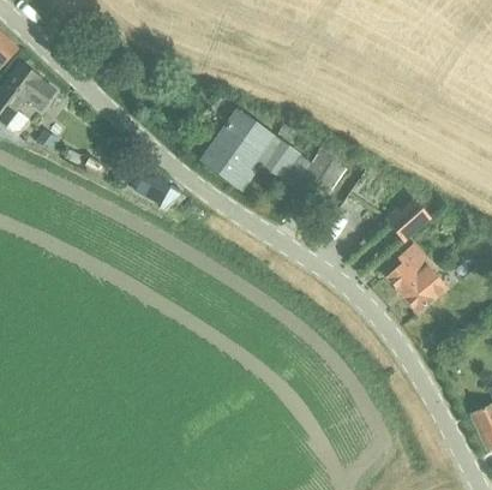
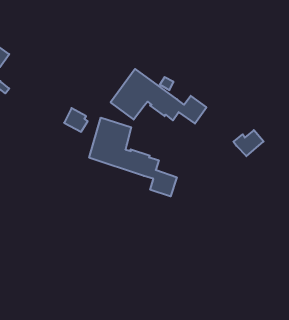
building: none -> [89,118,177,196]
building: [386,244,445,311] -> none

